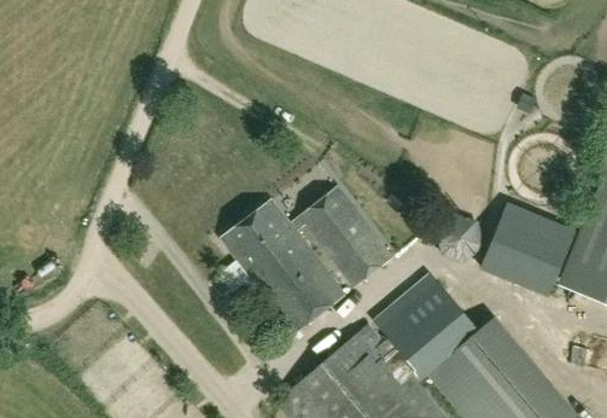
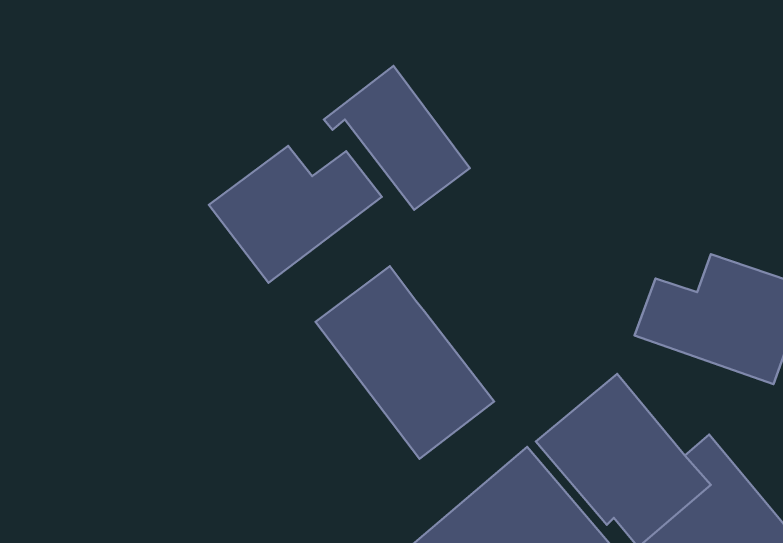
building: none -> [209,146,382,283]
building: [291,187,392,288] -> [324,66,470,210]

